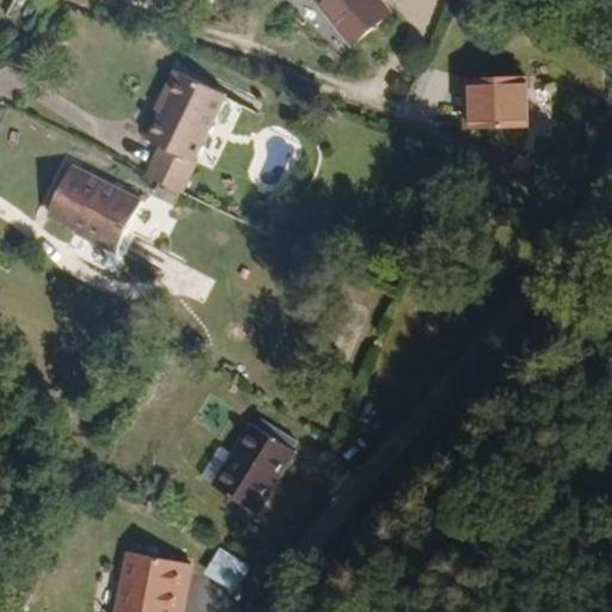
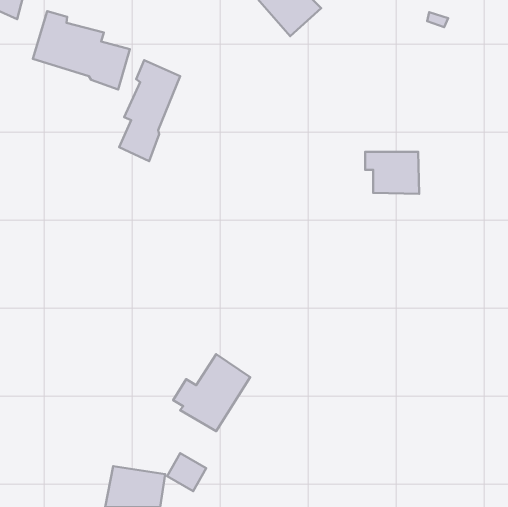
building: none -> [33,11,130,90]
building: [459,78,524,128] -> [365,152,419,194]
building: [55,167,148,256] -> none

